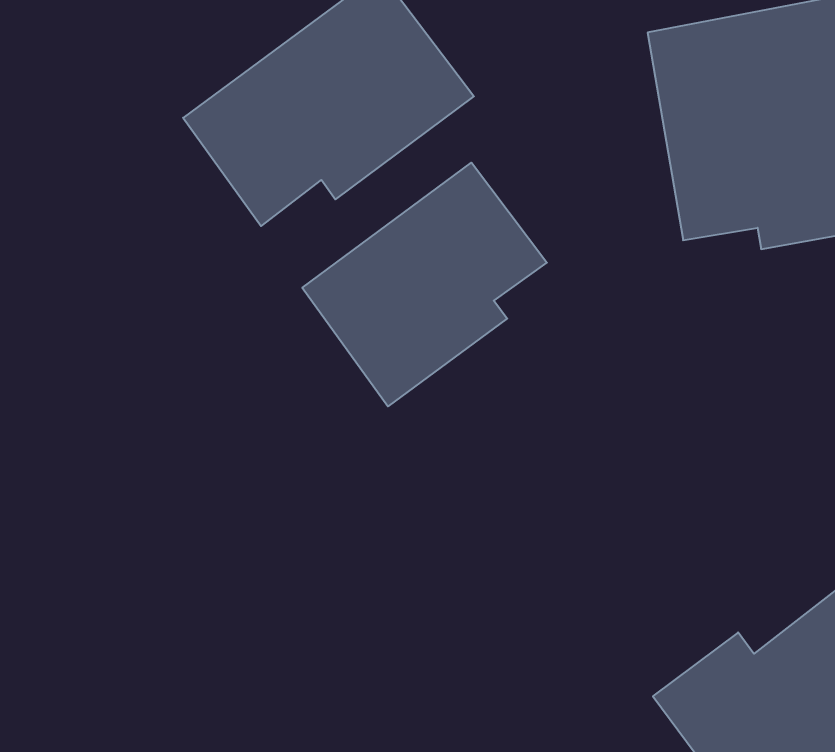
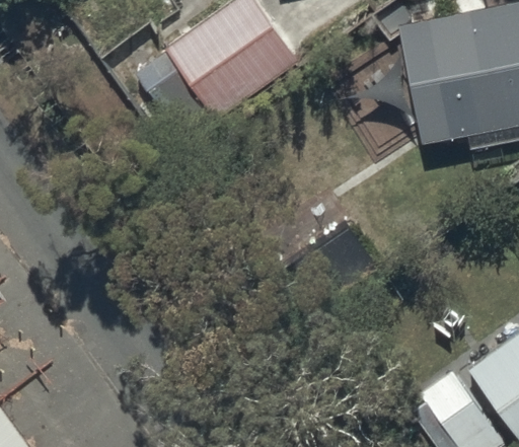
building: [302,163,547,406] -> none

